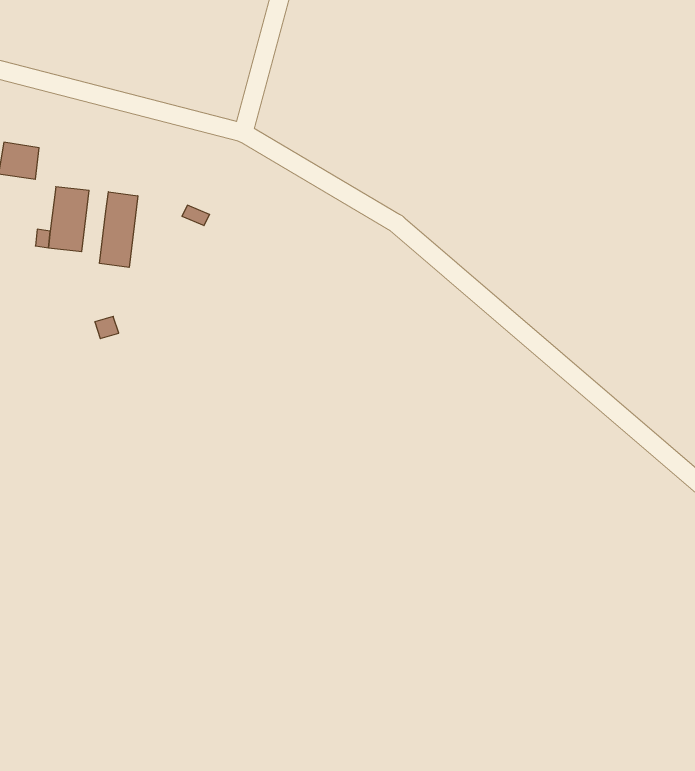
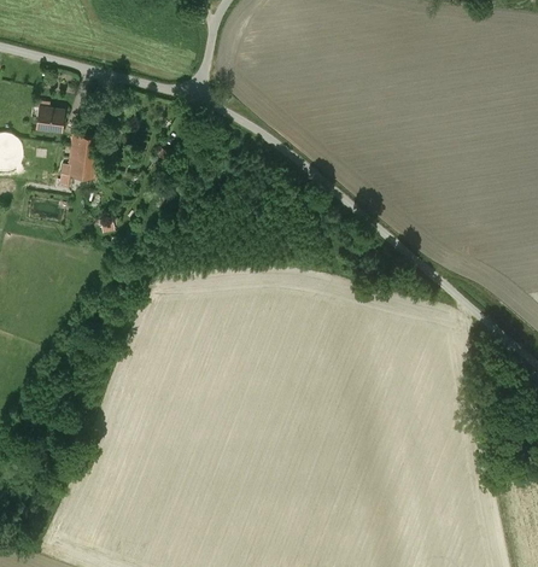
building: [100,192,138,267] -> none

